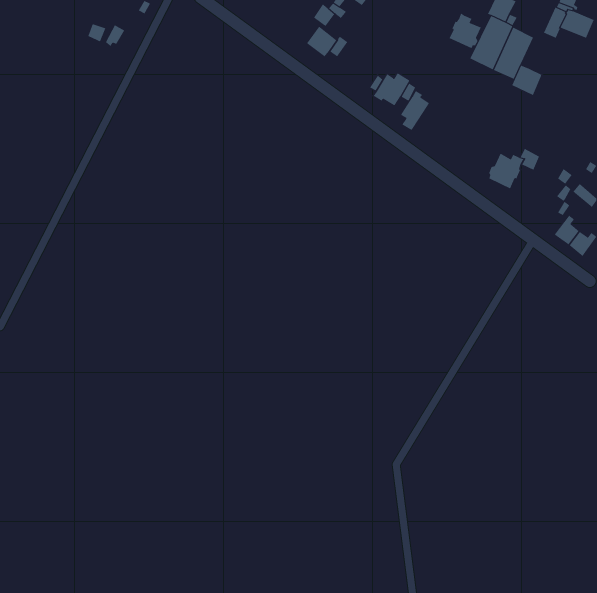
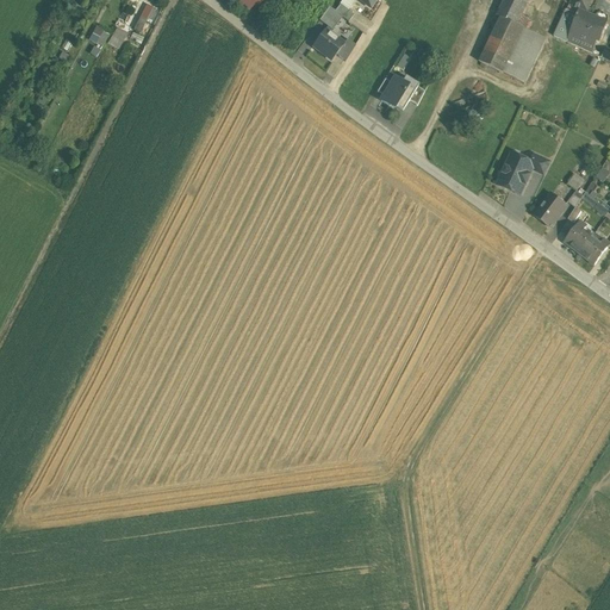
building: [449,13,482,49] -> none
building: [511,65,543,96] -> none
building: [400,90,430,131] -> none
building: none -> [534,192,567,225]

